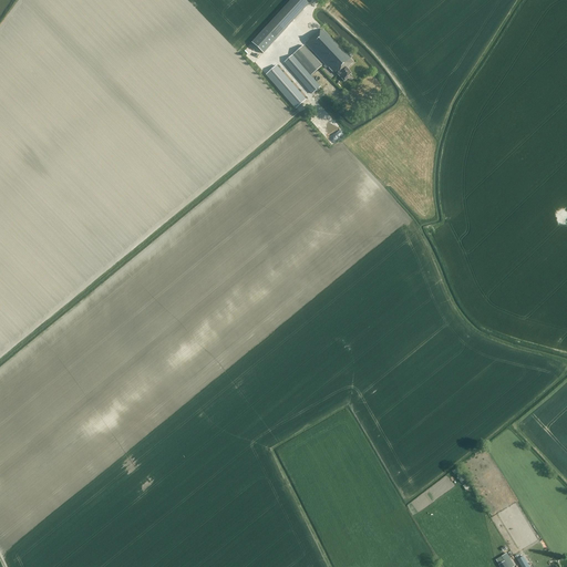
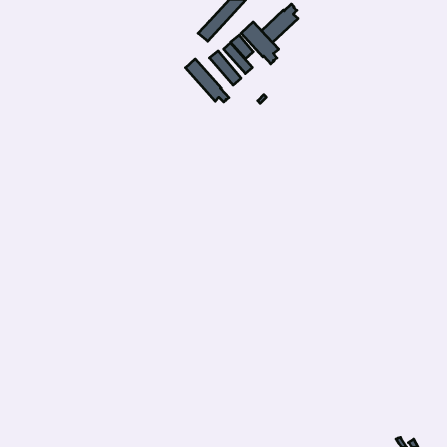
building: none -> [262,4,298,42]
building: none -> [185,59,229,102]

